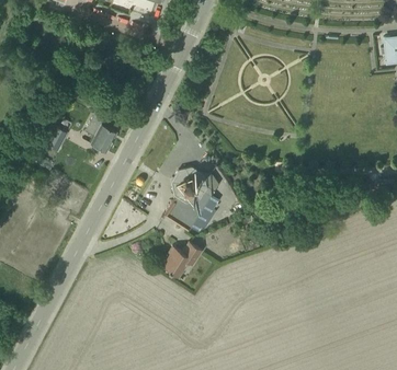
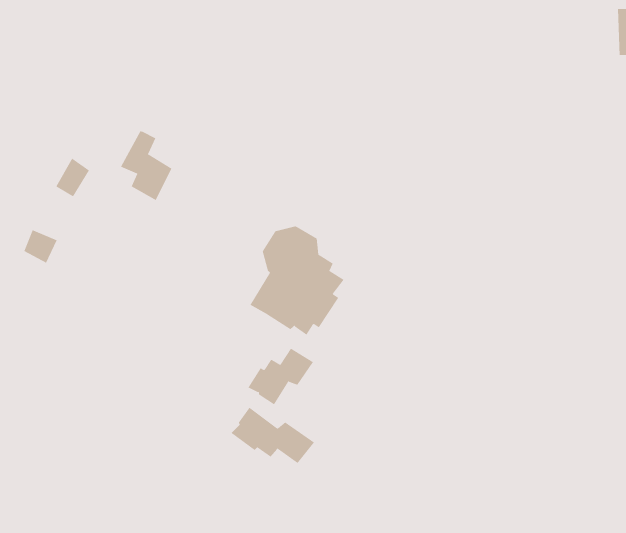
building: none -> [230,407,315,464]

